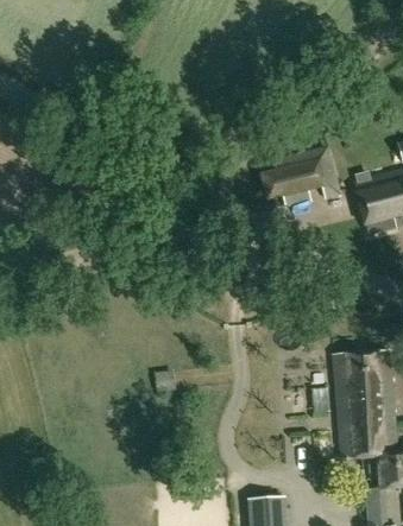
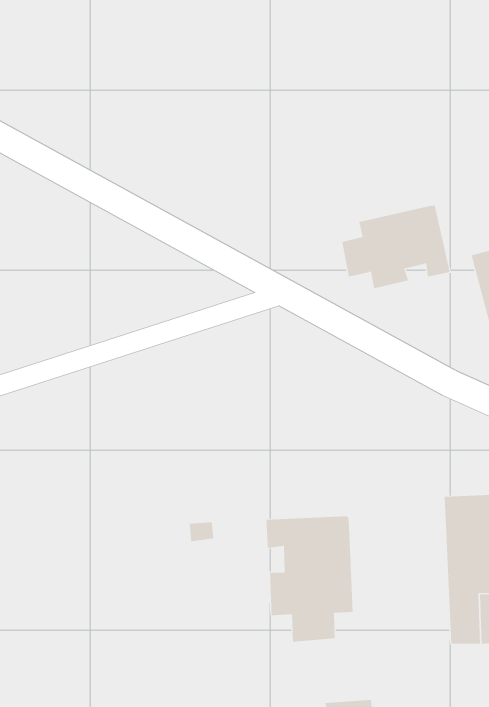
building: none -> [266,515,353,642]

